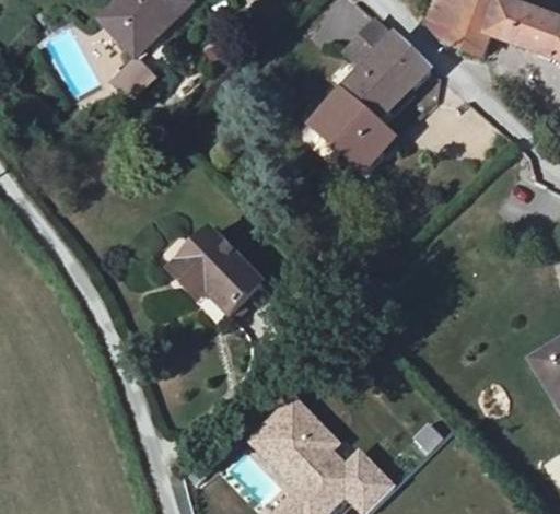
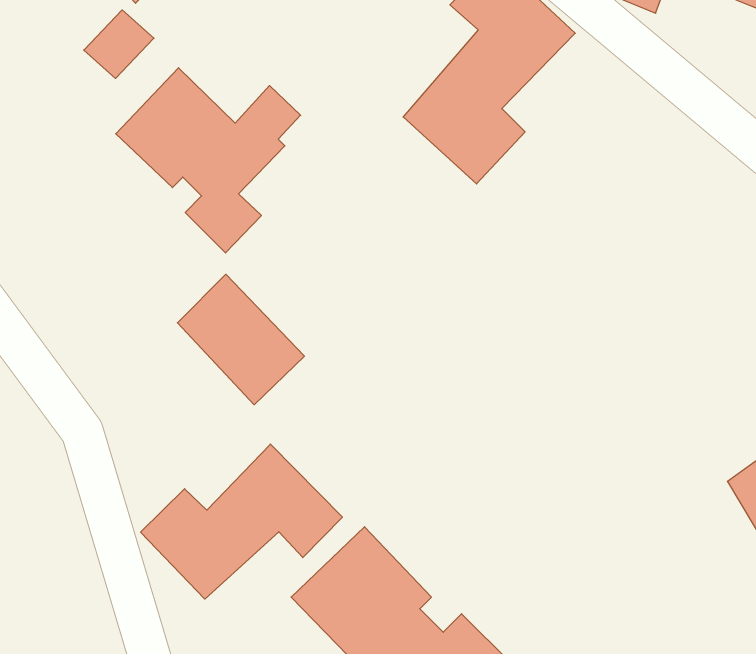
building: none -> [116,68,301,253]
building: none -> [141,444,342,599]

